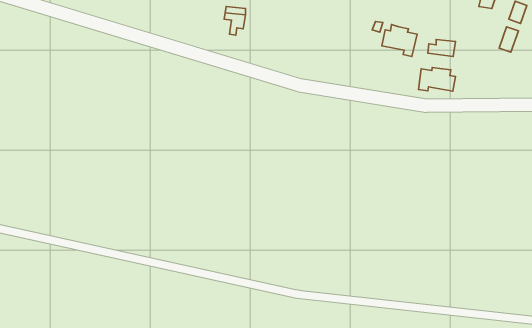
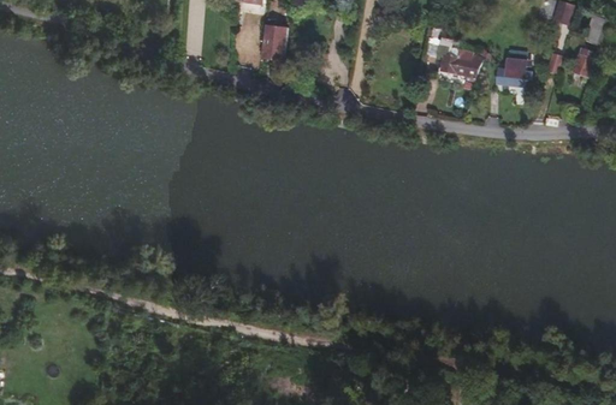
building: [418,67,456,91] -> none

